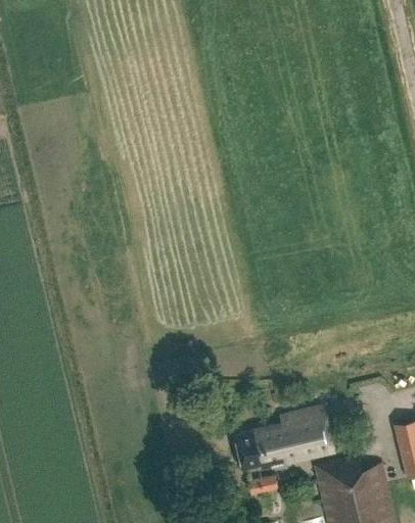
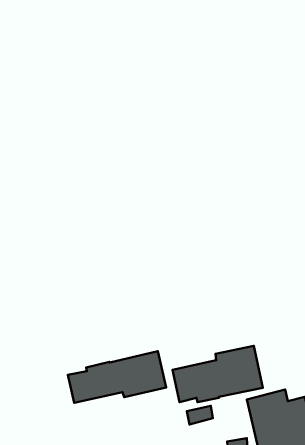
building: none -> [68,351,166,403]

